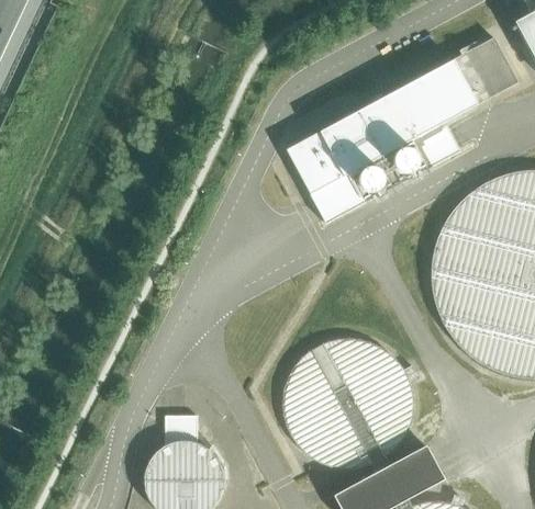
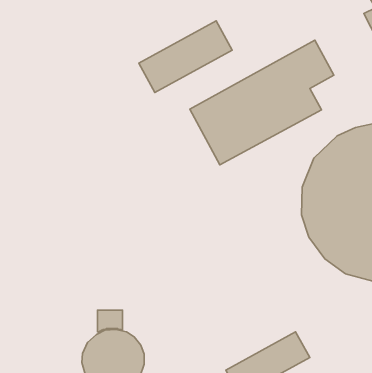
building: none -> [139,21,232,92]
building: [452,37,519,105] -> none
building: [283,336,409,462] -> none

